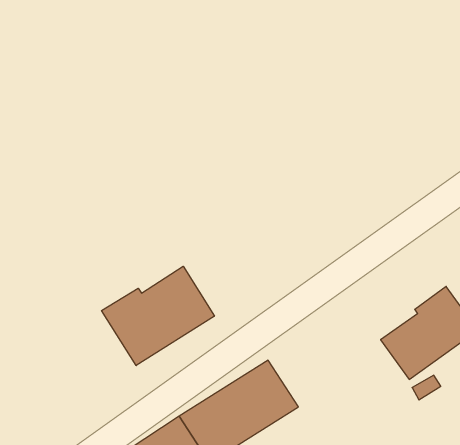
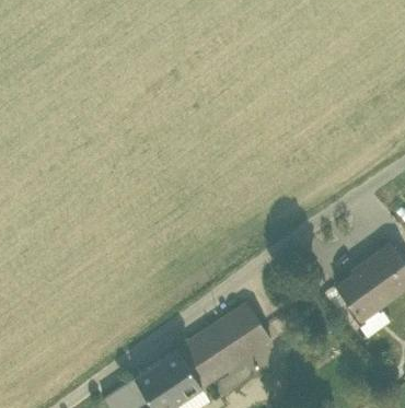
building: [102,266,214,366] -> none

